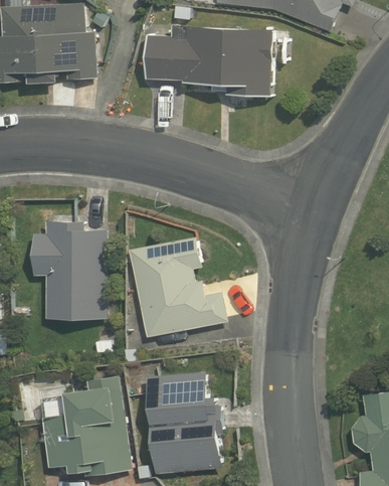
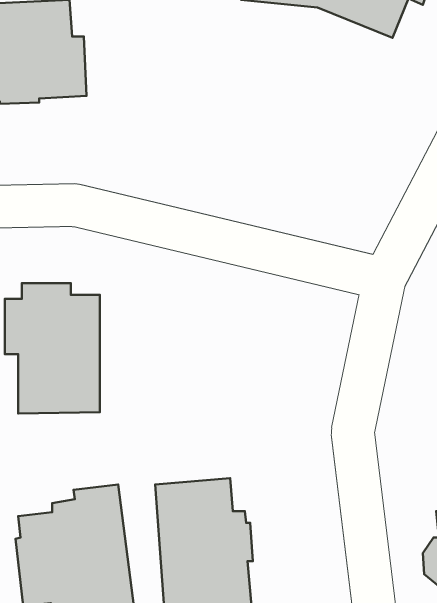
building: [146,24,273,97] -> none
building: [129,234,226,336] -> none

